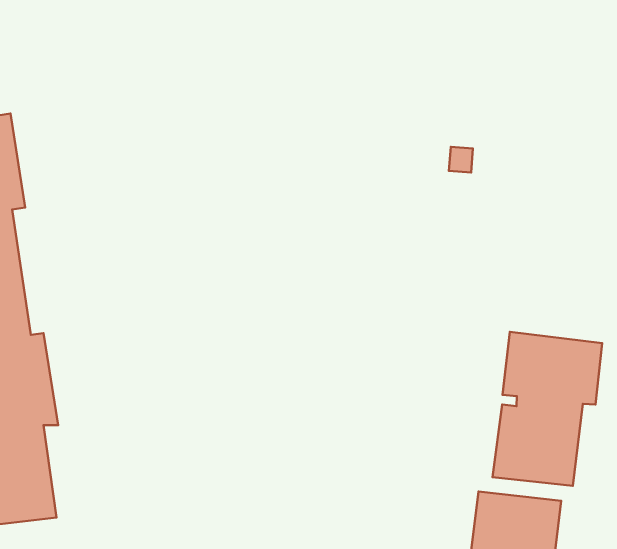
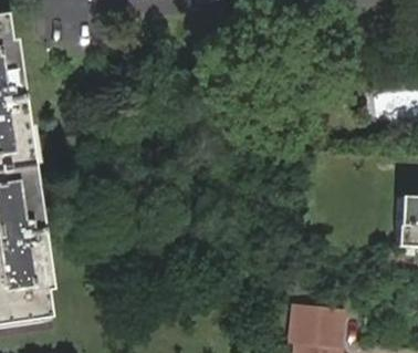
building: [493,332,602,486] -> none

